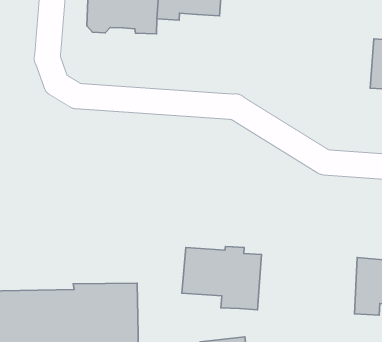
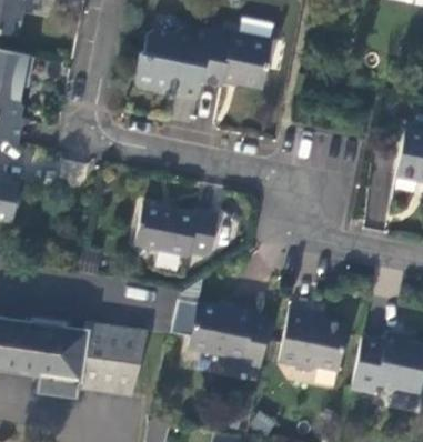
building: none -> [135,205,219,257]
building: none -> [279,307,346,372]

